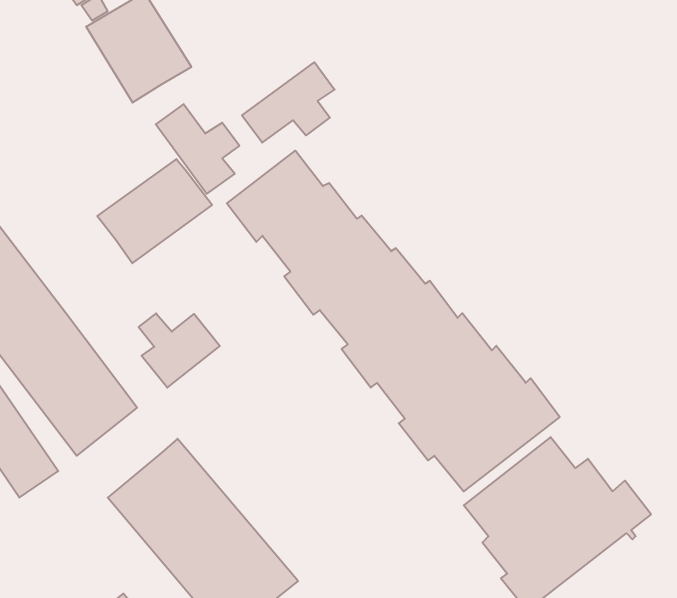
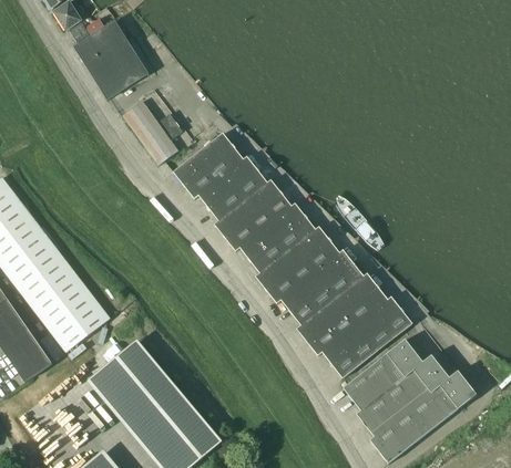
building: [242,62,335,143] -> none
building: [97,159,212,263] -> none
building: [139,313,220,388] -> none

